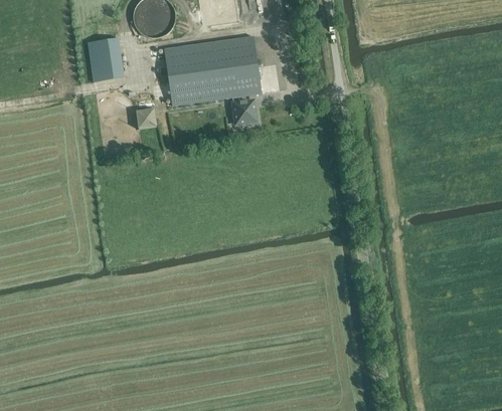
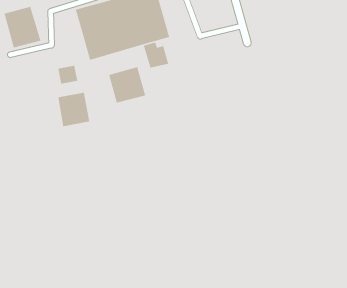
building: none -> [108,66,146,103]
building: none -> [58,92,90,127]

